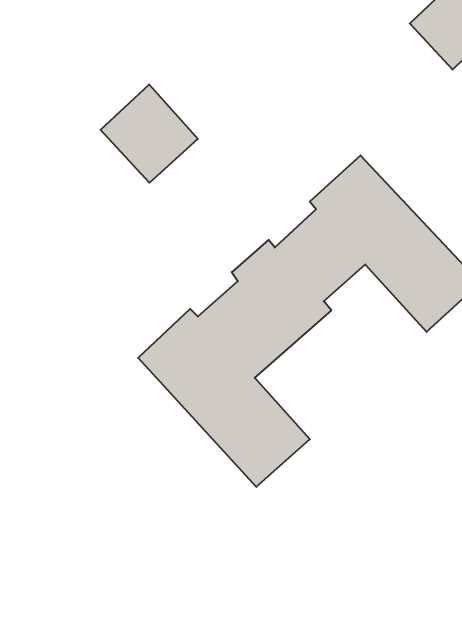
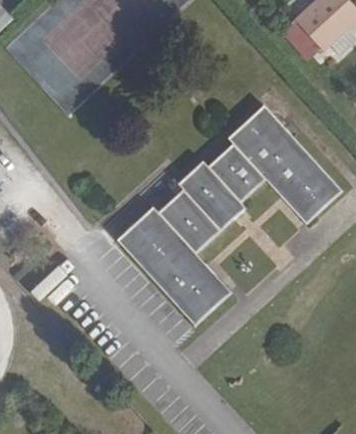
building: [101,84,198,183] -> none

